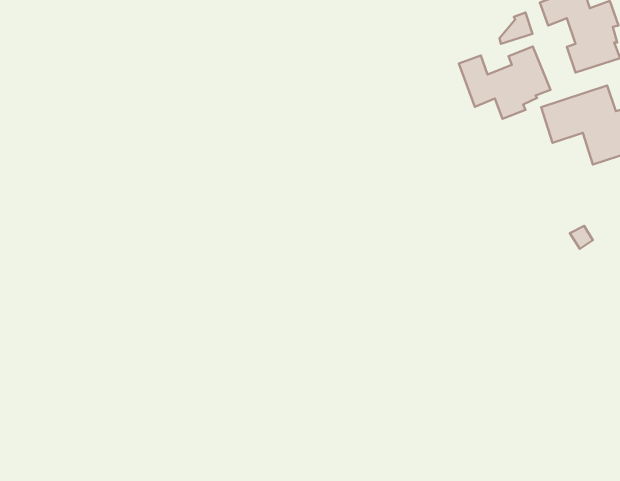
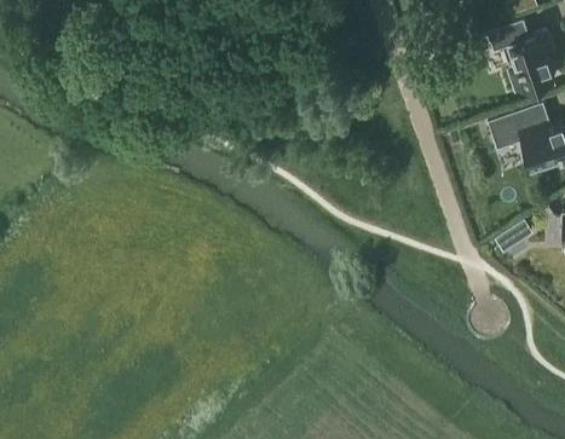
building: [459,47,551,119] -> none

